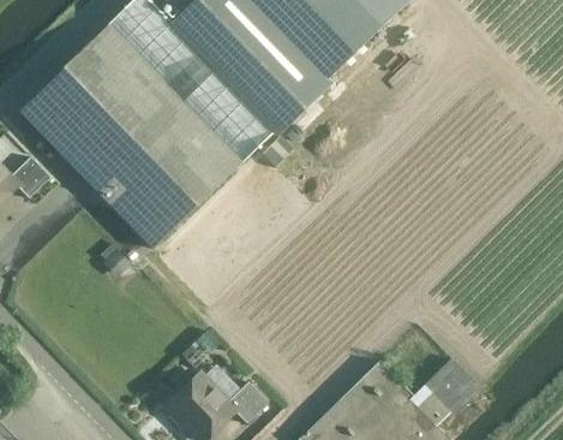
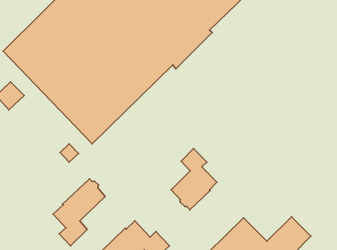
building: none -> [171,149,217,210]
building: none -> [53,179,105,246]

